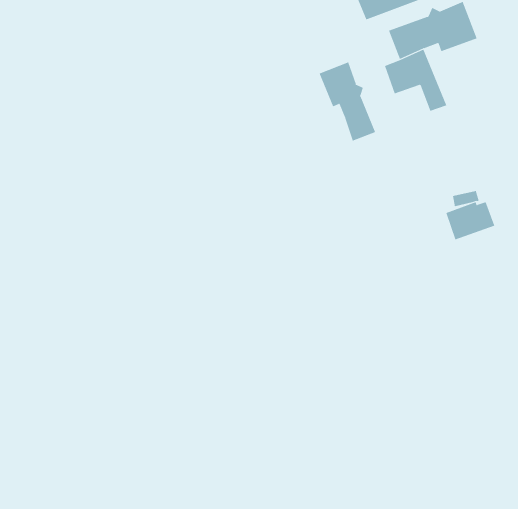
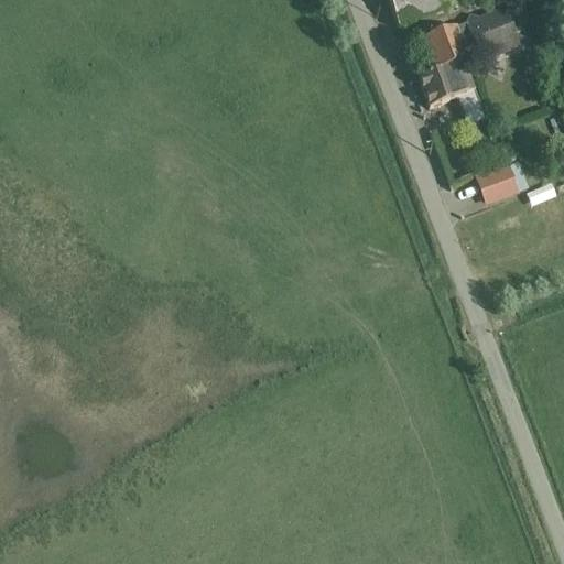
building: [319,61,376,142] -> none
building: [446,202,495,240] -> [474,156,528,198]

